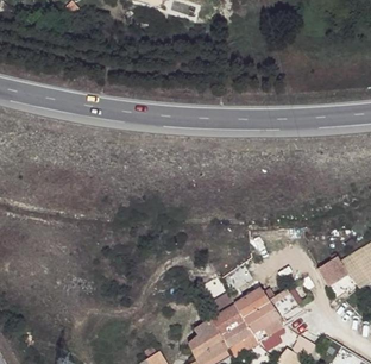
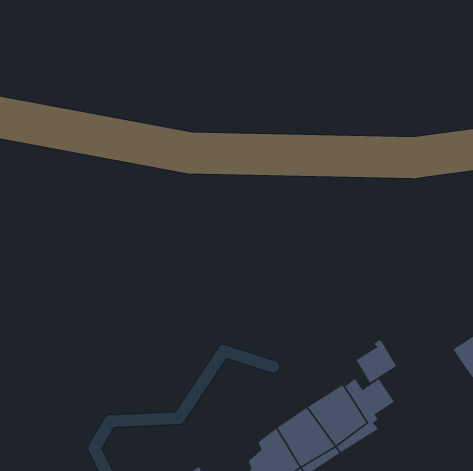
building: [317,252,348,285] -> [356,339,397,384]

